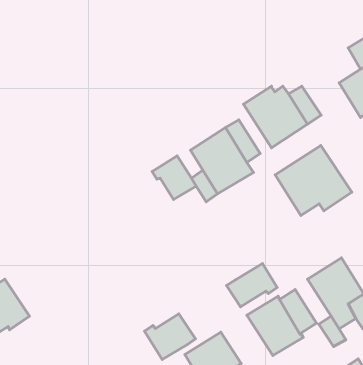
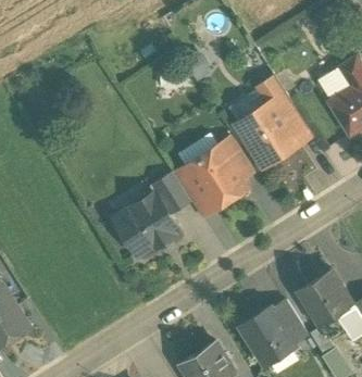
building: none -> [253,76,292,112]
building: [275,146,352,216] -> none
building: none -> [114,193,177,254]
building: [227,264,277,307] -> none
building: [145,314,196,360] -> none

